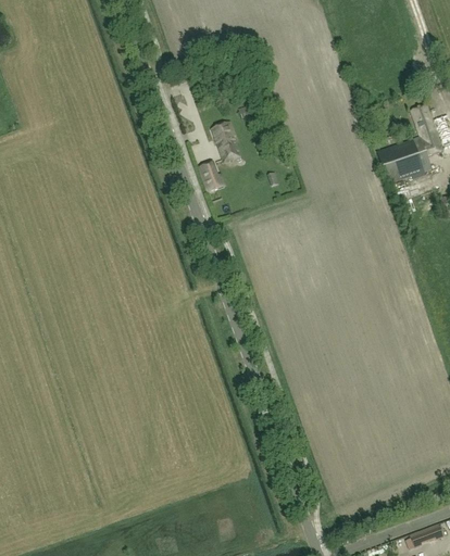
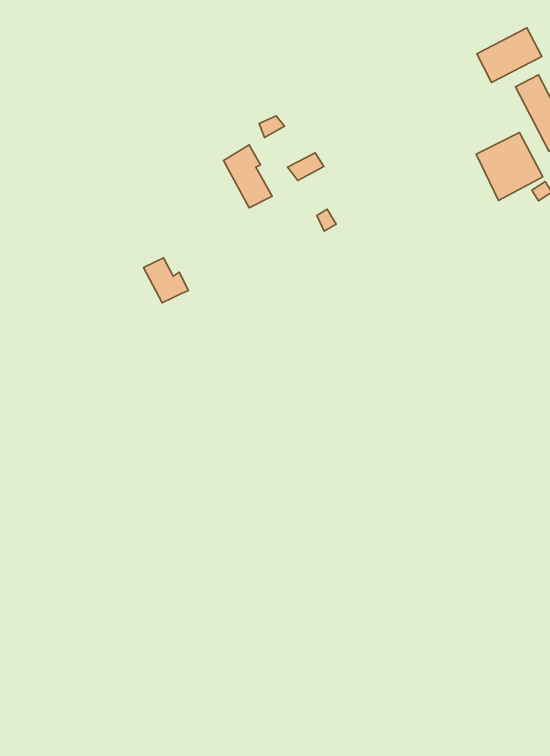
building: none -> [477,28,542,82]
building: [198,162,225,191] -> [143,258,189,303]

